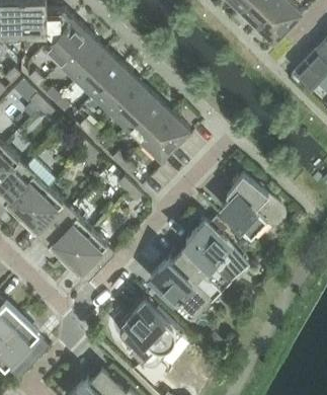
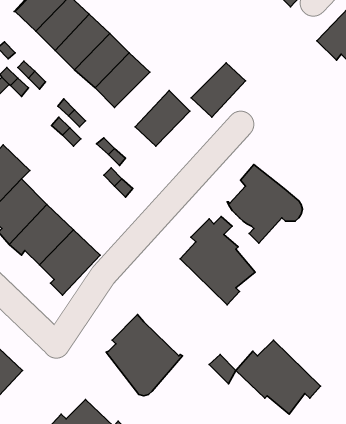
building: [127,98,172,144] -> [191,63,246,117]
building: [150,254,221,316] -> [236,340,321,414]

